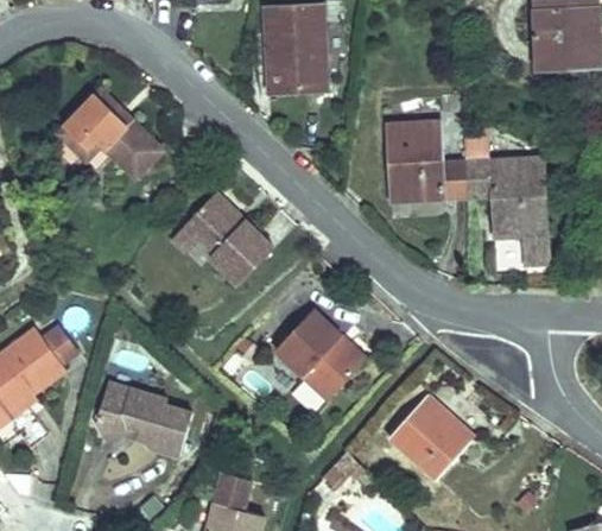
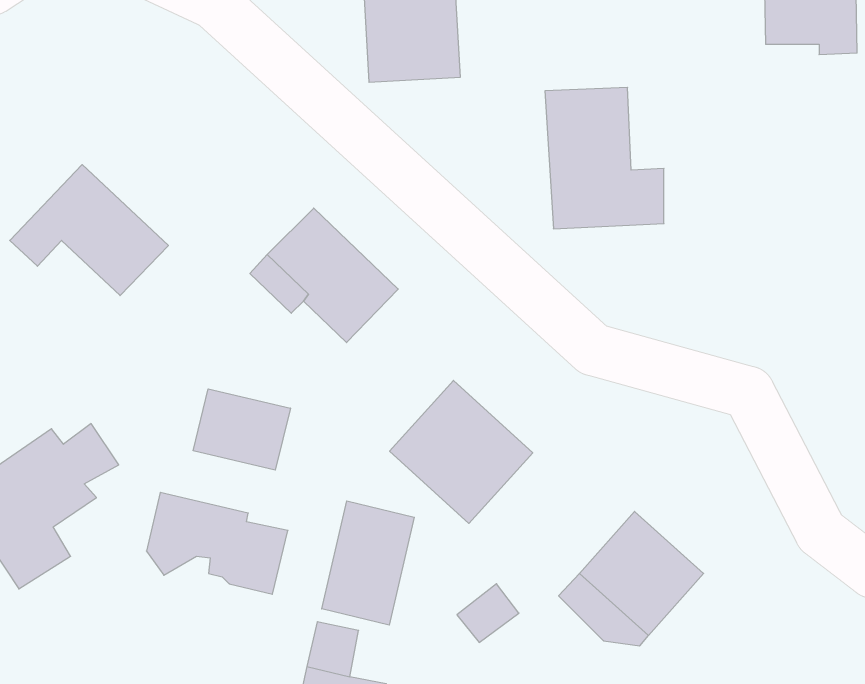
building: [49,81,158,171] -> [10,165,168,296]
building: [456,132,550,265] -> none
building: none -> [193,389,290,470]
building: none -> [322,501,414,625]

